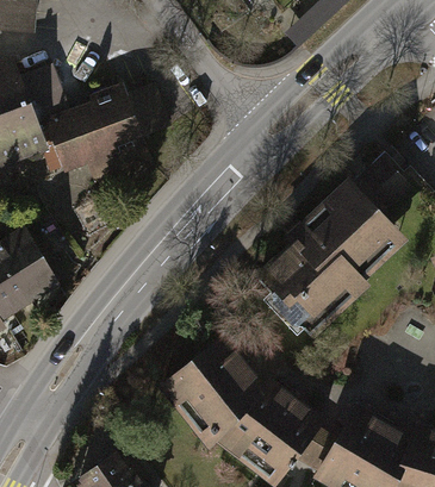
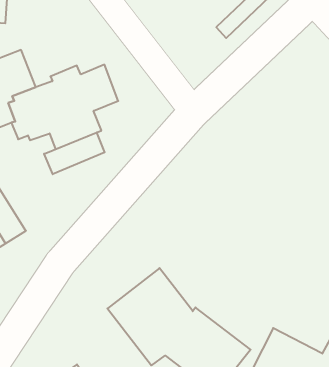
building: [257,152,411,336] -> none
building: none -> [44,132,105,174]

